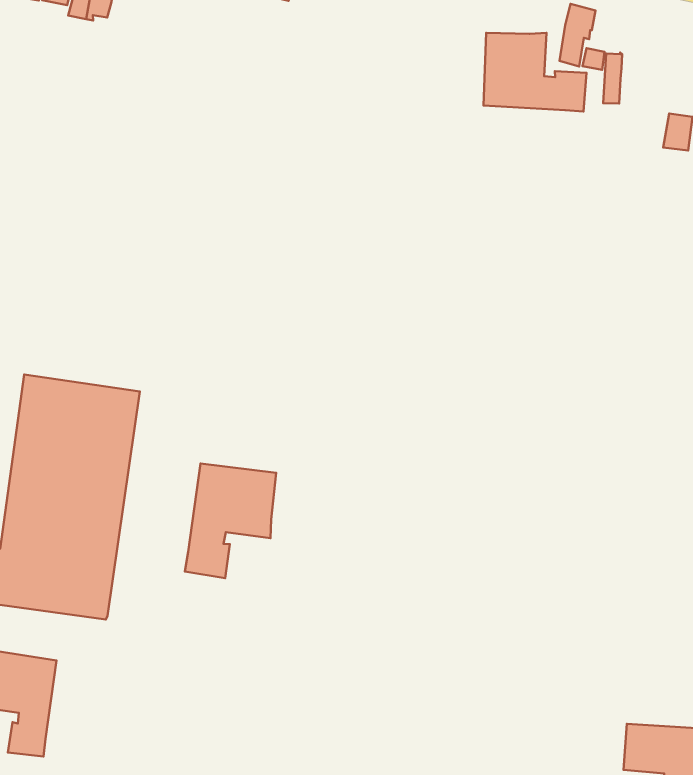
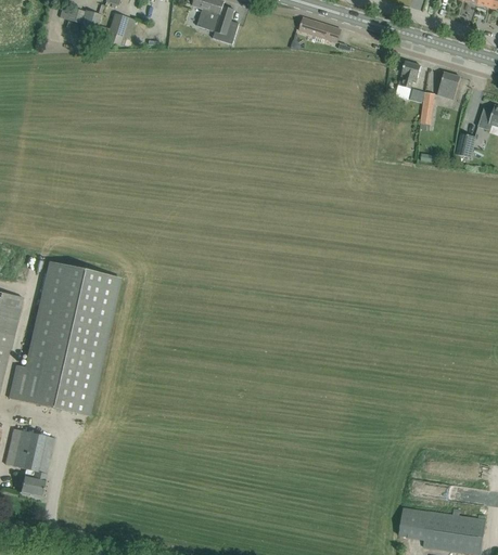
building: none -> [437,72,461,100]
building: [483,33,587,112] -> none
building: [185,463,276,578] -> none

